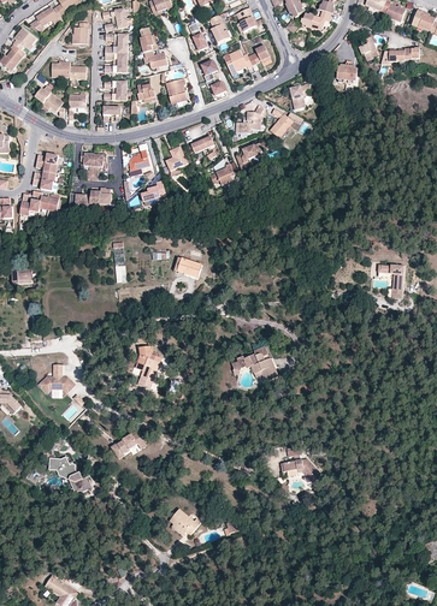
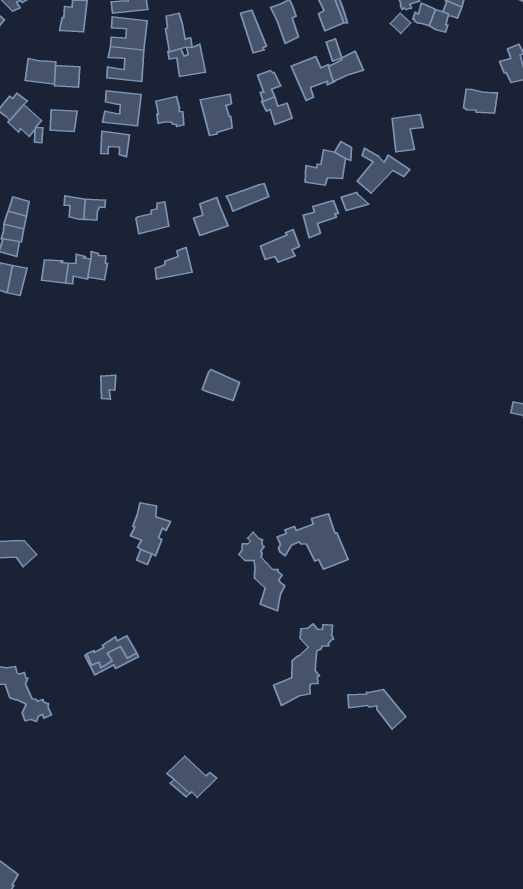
building: none -> [239,532,285,611]
building: none -> [274,624,333,705]

